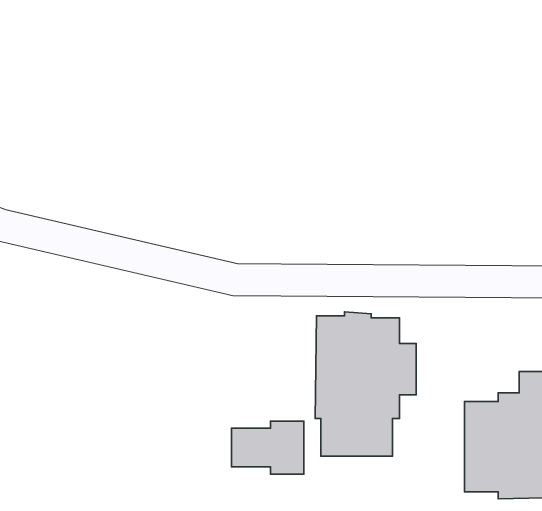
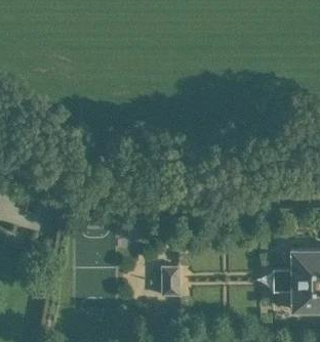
building: [315,312,416,456] -> none

